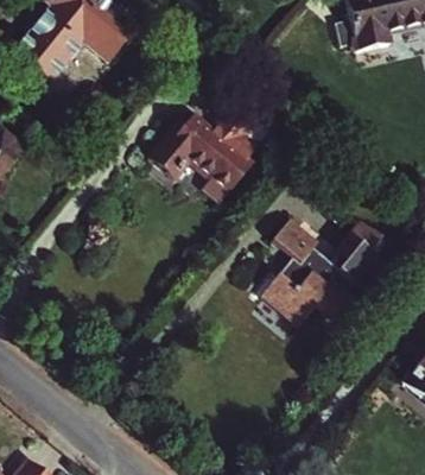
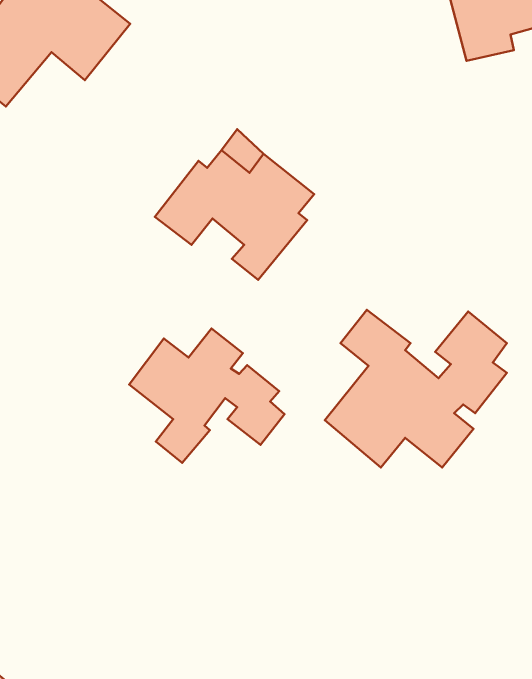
building: none -> [129,329,285,463]

